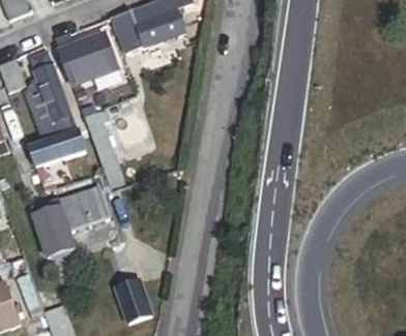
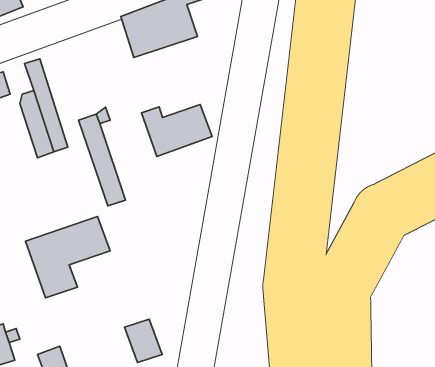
building: [57,33,119,79] -> [141,105,212,156]
building: [27,129,84,165] -> none

